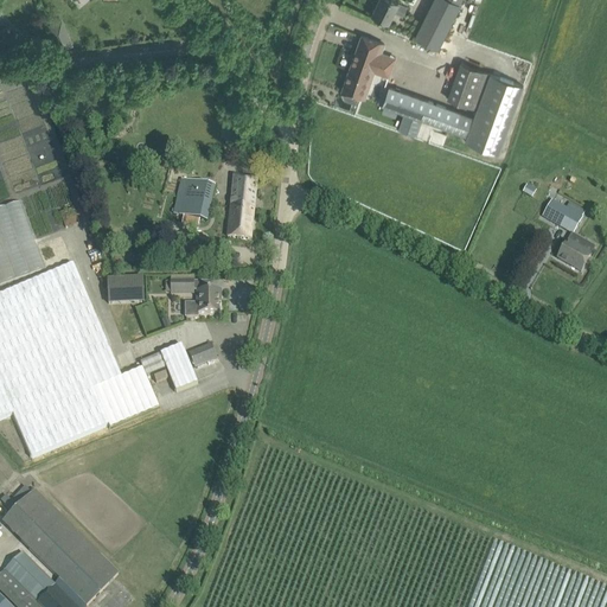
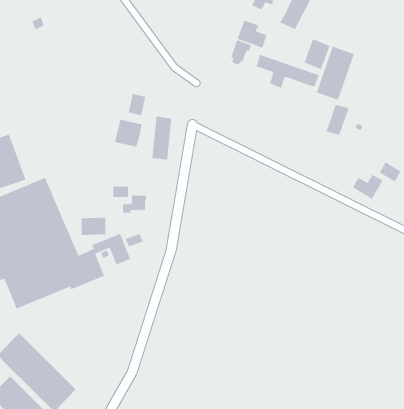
building: none -> [128,93,146,116]
building: none -> [326,104,350,136]
building: [542,194,588,232] -> [352,174,384,200]
building: [106,274,142,301] -> [81,217,106,236]

